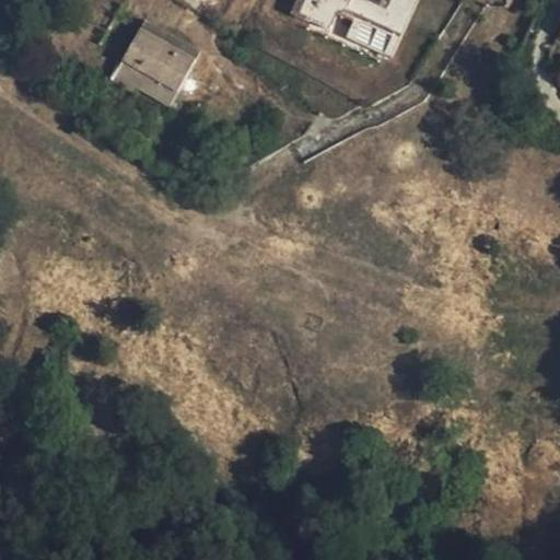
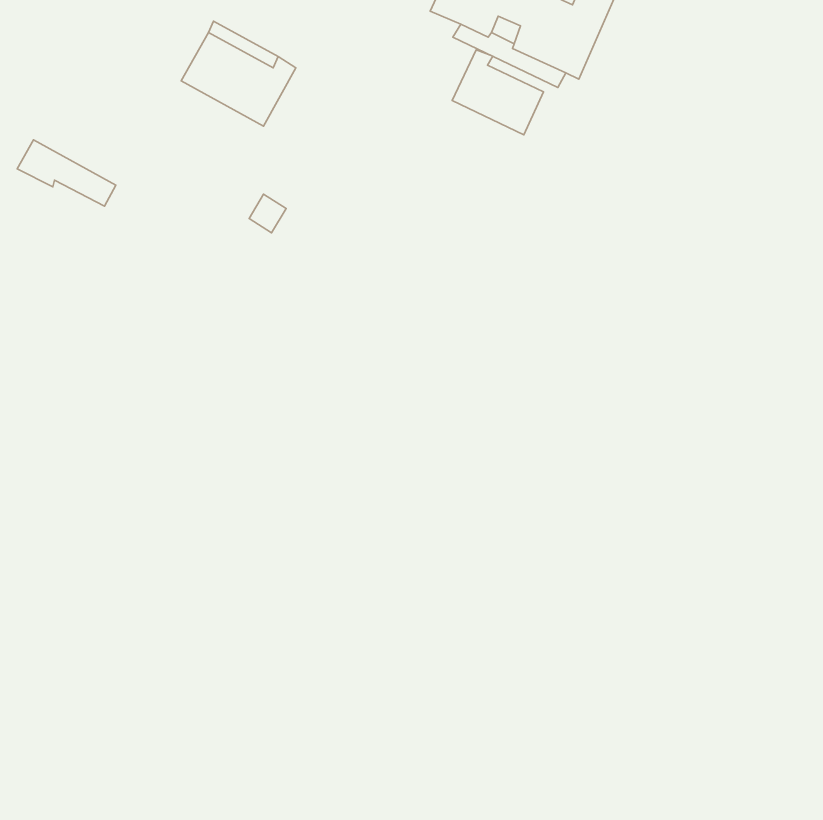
building: none -> [452,50,544,135]
building: [112,55,178,100] -> [17,140,116,206]

